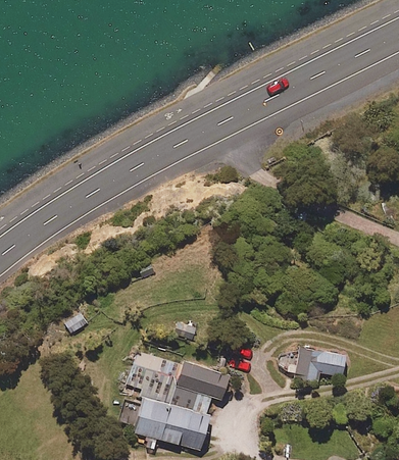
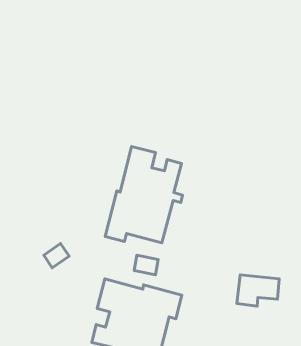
building: none -> [105,146,183,243]

